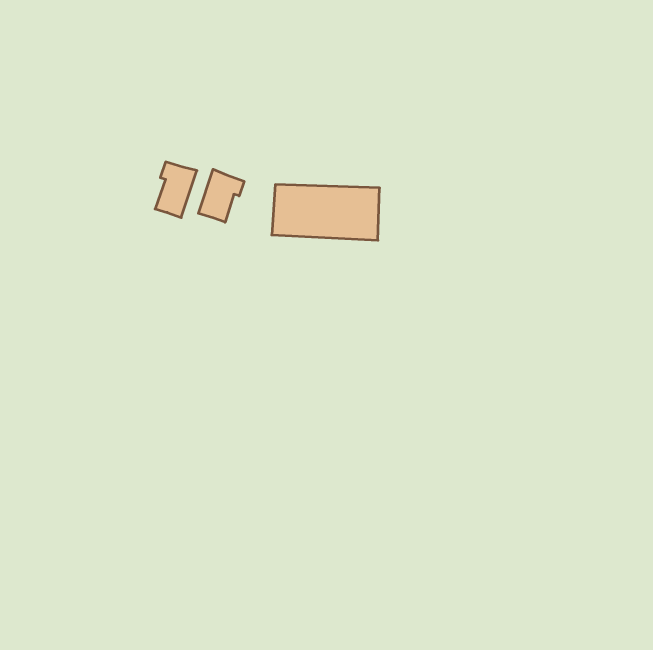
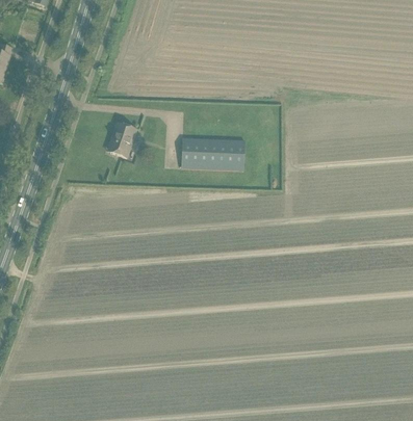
building: [198,169,244,222] -> none

